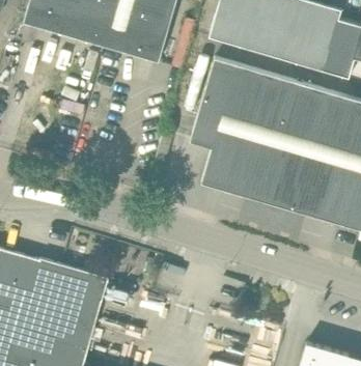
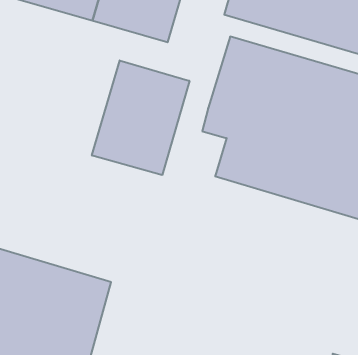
building: none -> [92,60,189,175]

